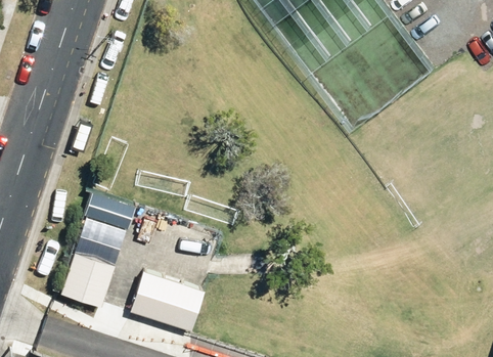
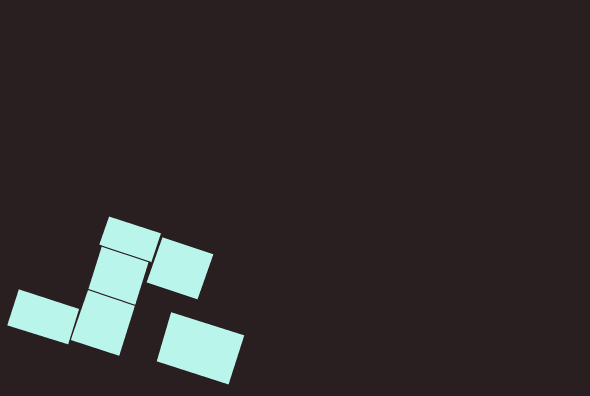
building: none -> [146,237,214,300]
building: none -> [6,288,80,345]

